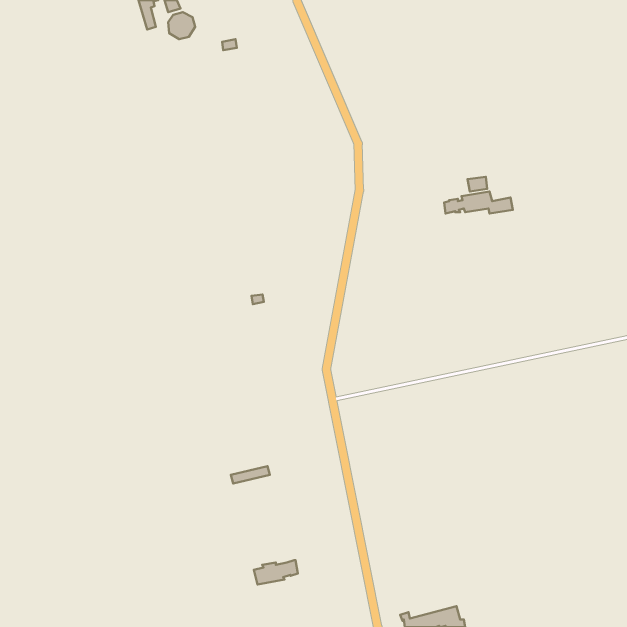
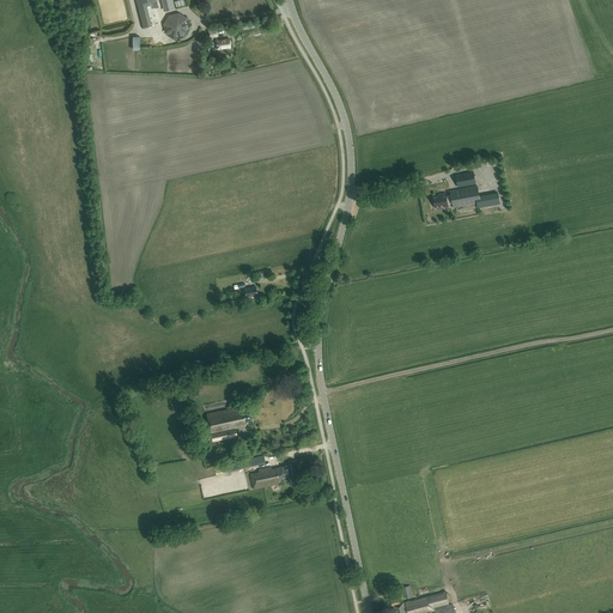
building: none -> [207,407,254,441]
building: [254,560,298,585] -> [250,465,293,488]

